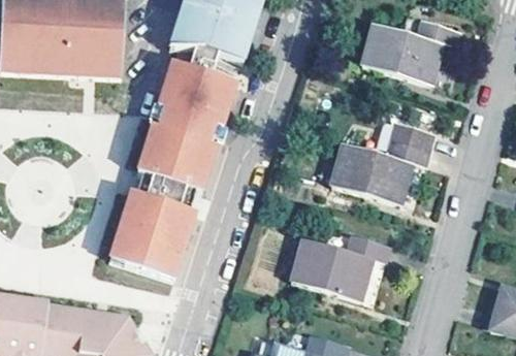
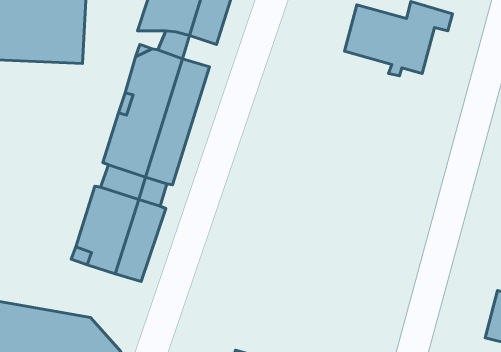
building: [329,124,432,205] -> none
building: [290,236,389,301] -> none

